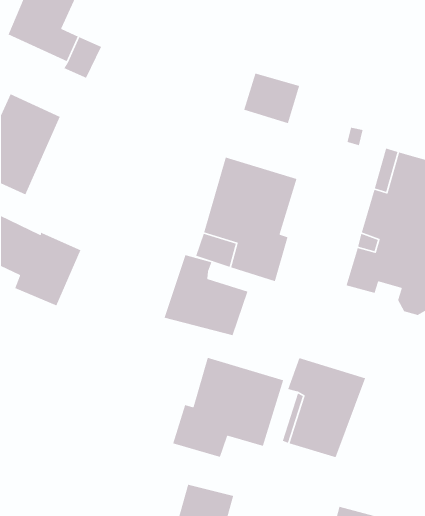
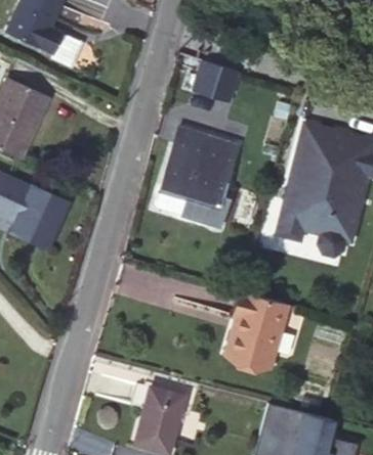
building: [164,254,248,336] -> none
building: [172,357,284,458] -> none

